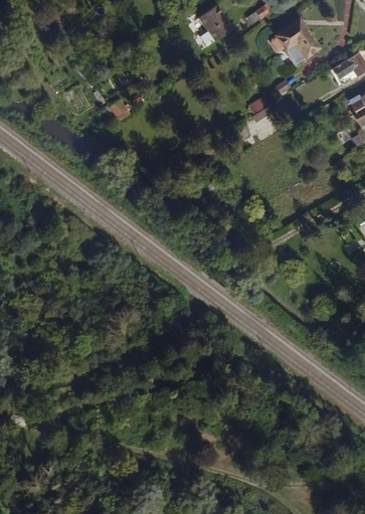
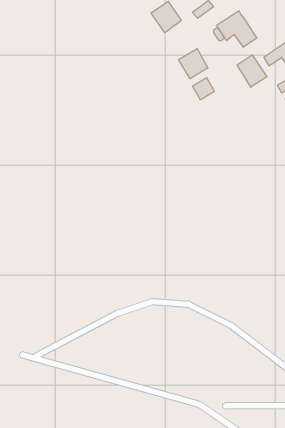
building: none -> [178,49,208,79]
building: none -> [237,55,267,87]

